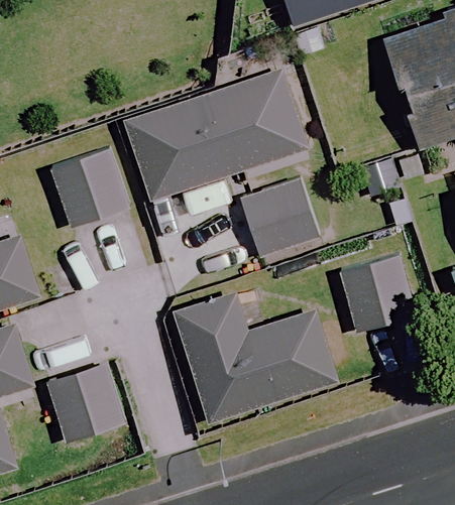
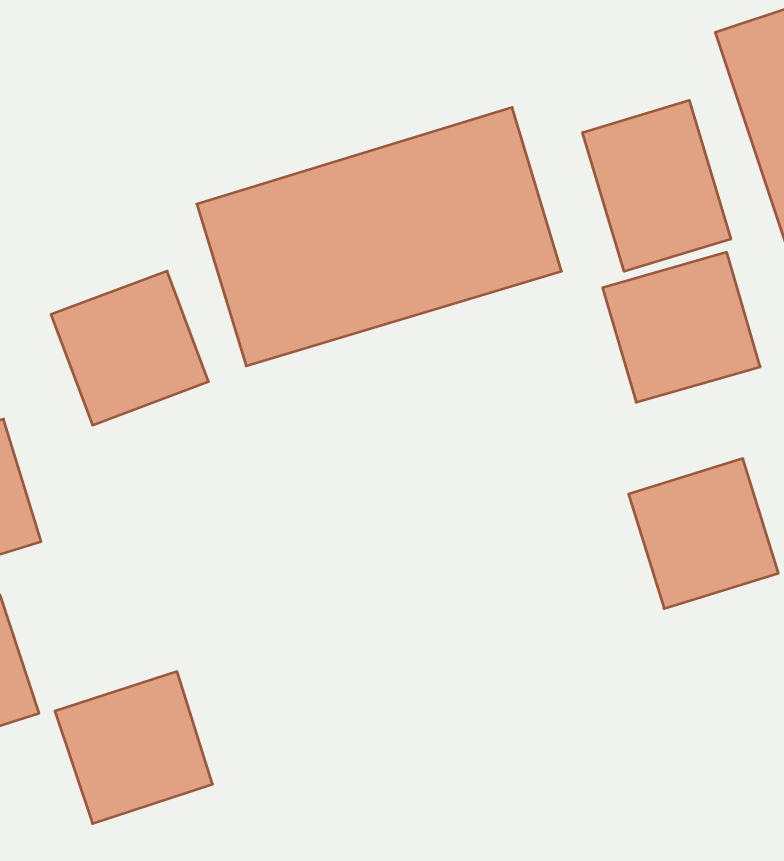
building: none -> [583,100,731,271]
building: [239,178,320,255] -> [603,252,760,402]
building: [169,298,349,426] -> none

